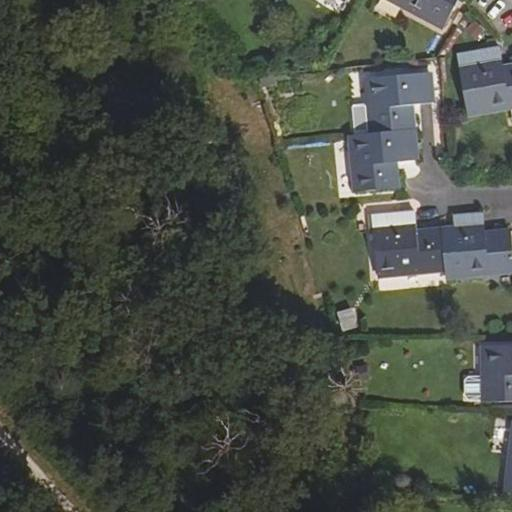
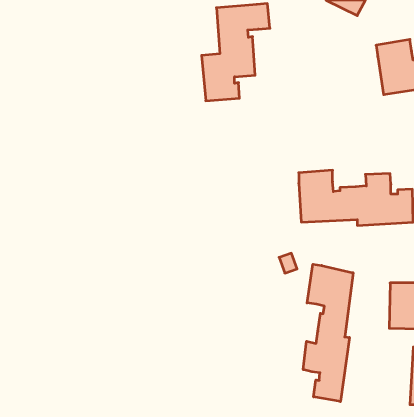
building: [349,71,432,189] -> [202,4,270,101]
building: none -> [303,264,353,402]

